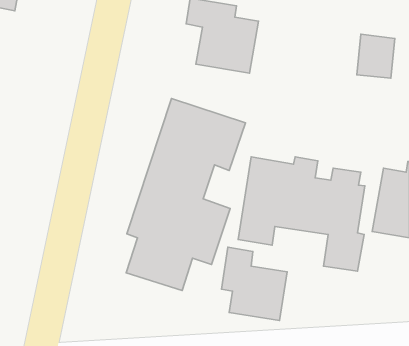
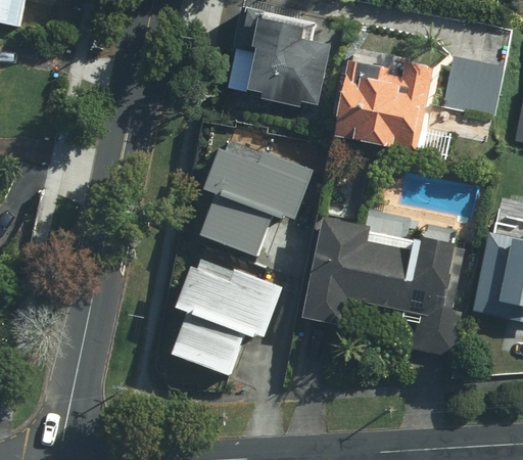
building: none -> [336,50,430,147]
building: [222,247,287,320] -> none

